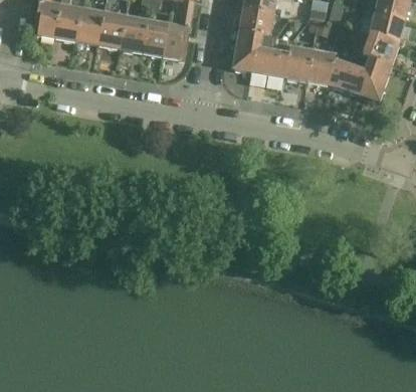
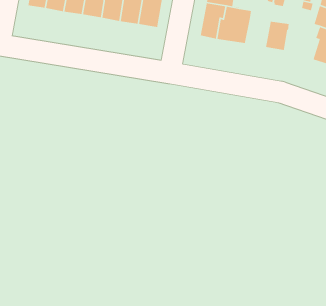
building: [284,46,313,80] -> none
building: [329,61,368,94] -> none

